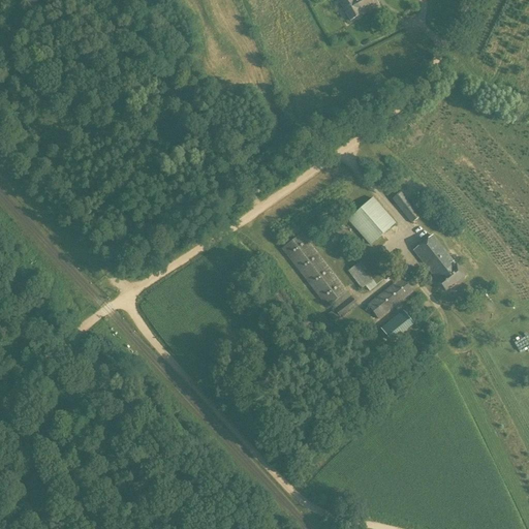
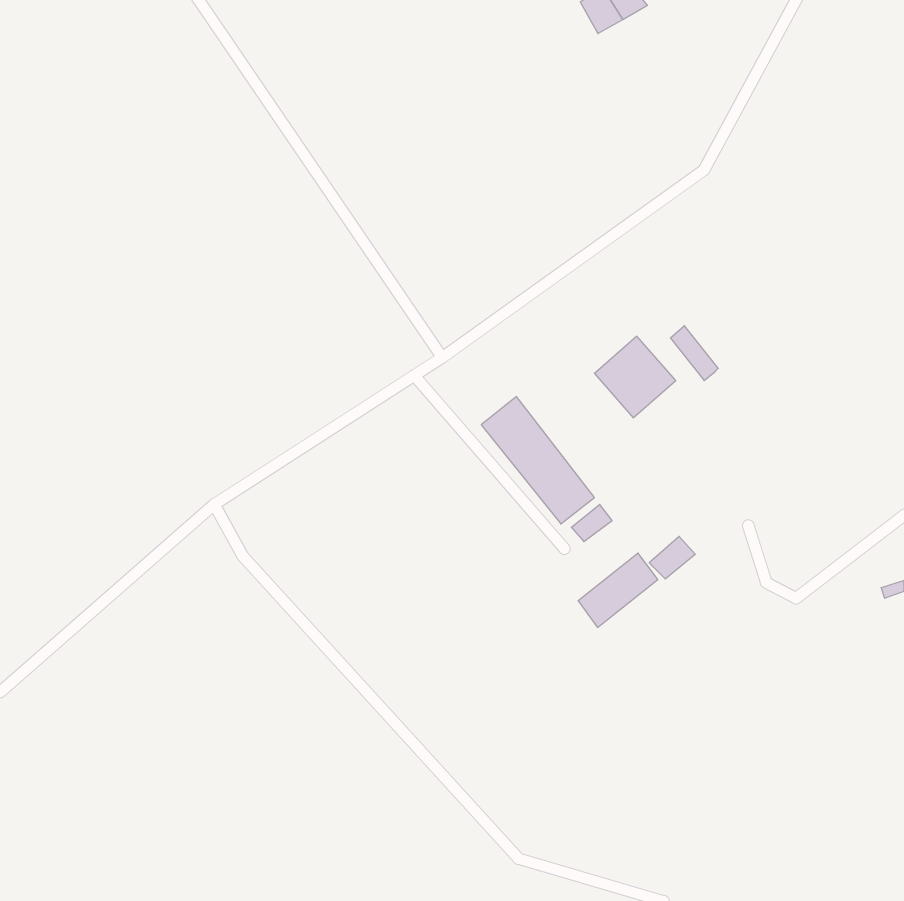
building: [413,235,464,289] -> none
building: [347,260,376,289] -> none
building: [367,275,413,318] -> [578,553,658,627]

